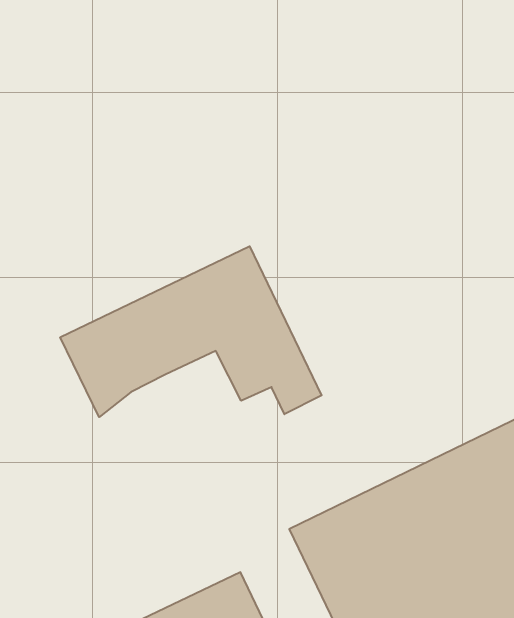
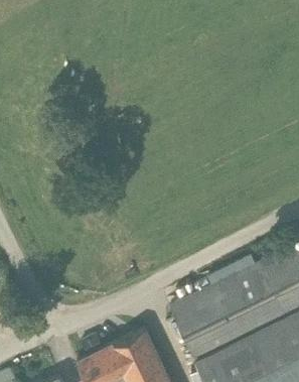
building: [60,246,322,417] -> none

